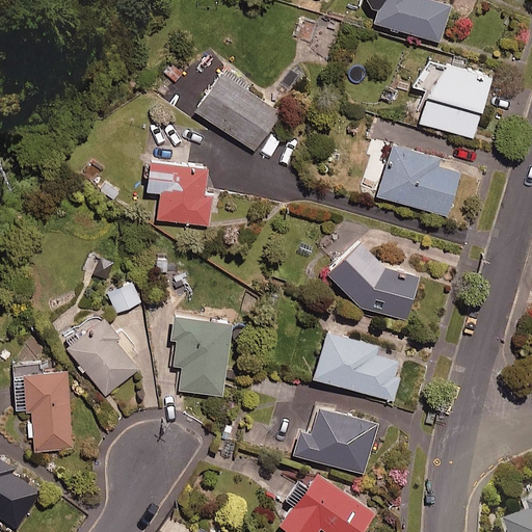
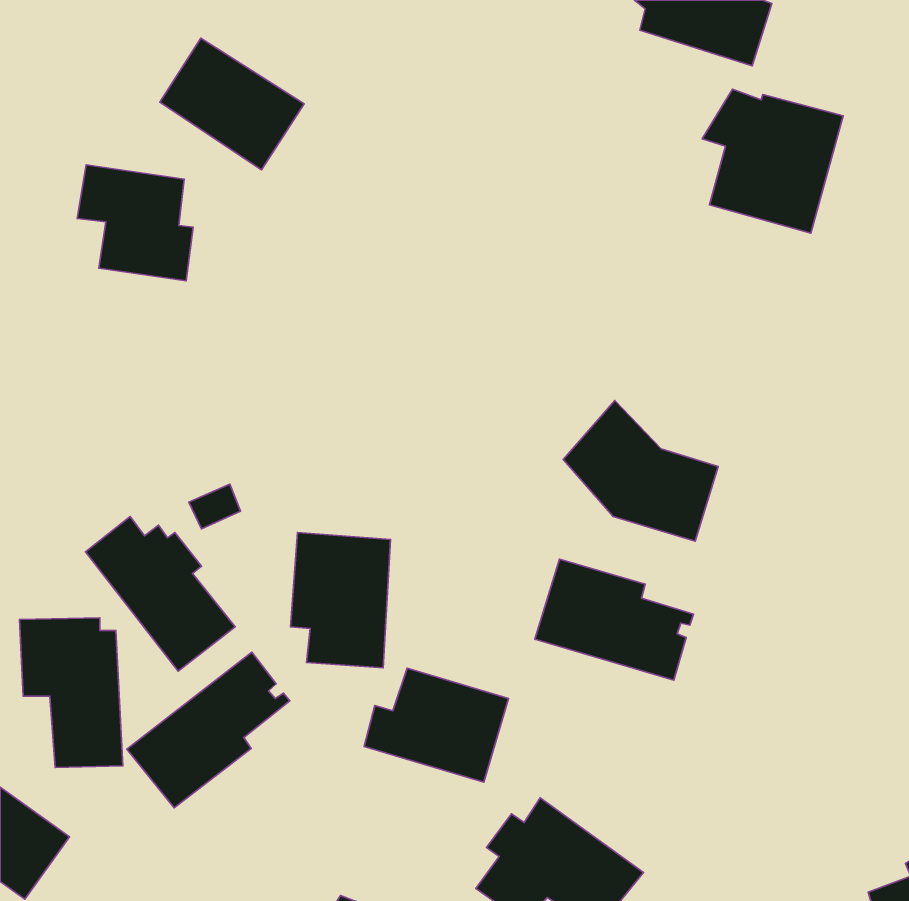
building: [195,75,280,152] -> [160,38,304,170]
building: [376,143,460,217] -> none
building: [144,160,212,228] -> [77,165,193,281]
building: none -> [127,652,290,808]
building: [294,408,378,475] -> [364,668,509,782]

